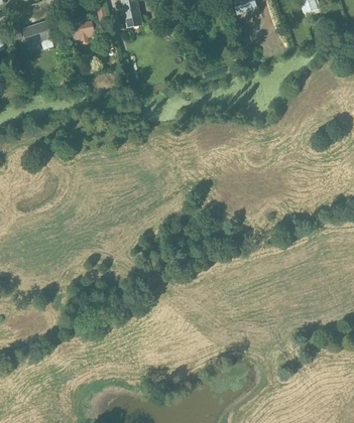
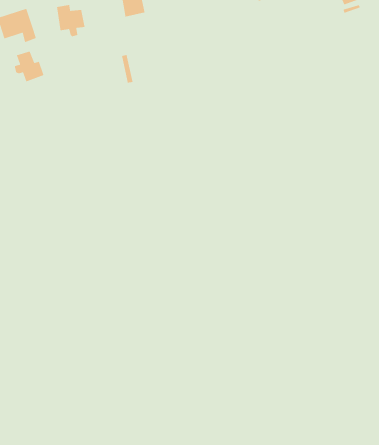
building: none -> [14,50,44,83]

